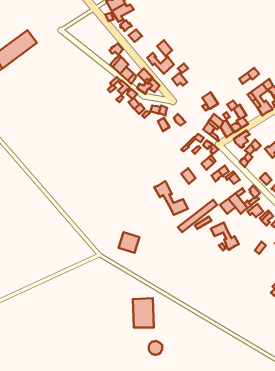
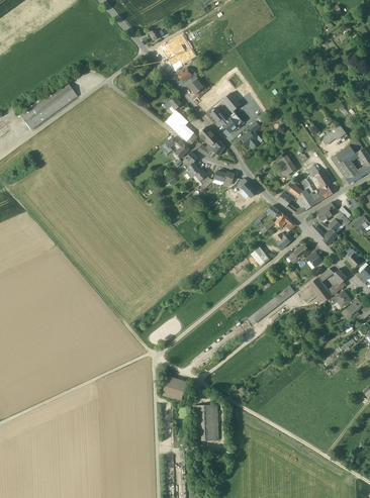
building: [154,181,188,215] -> none
building: [211,222,239,250] -> none
building: [119,232,139,253] -> [162,375,187,400]

